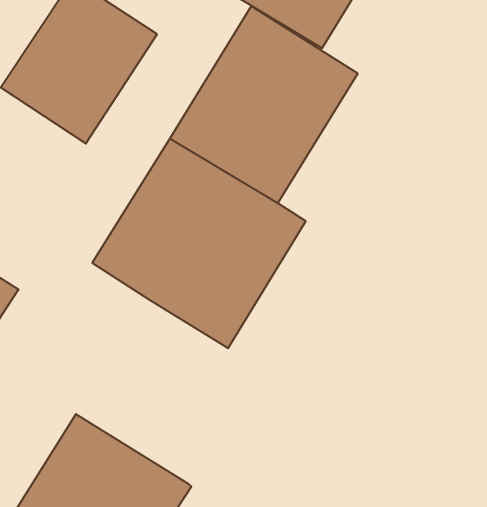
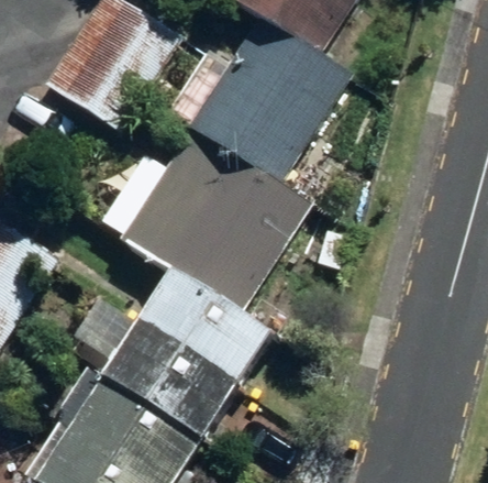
building: none -> [108,268,269,430]

